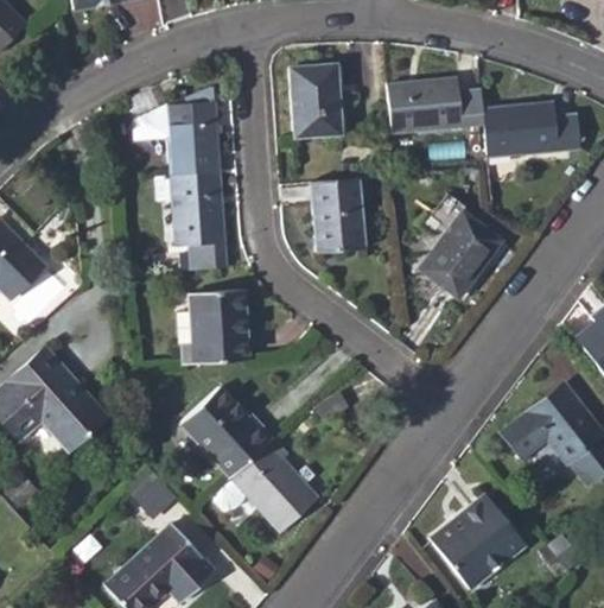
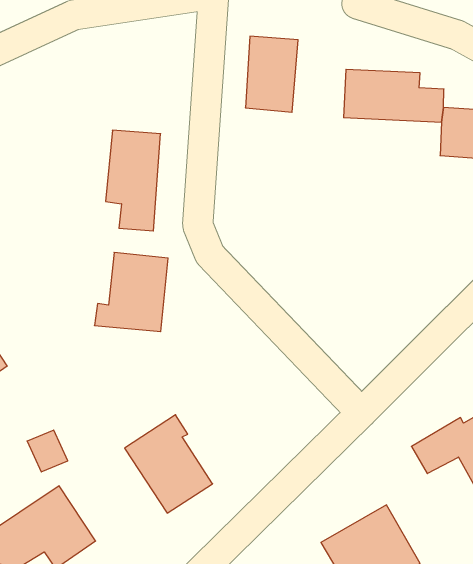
building: [133,102,218,176] -> none
building: [311,177,363,252] -> none
building: [419,210,498,296] -> none
building: [180,388,273,477] -> none

